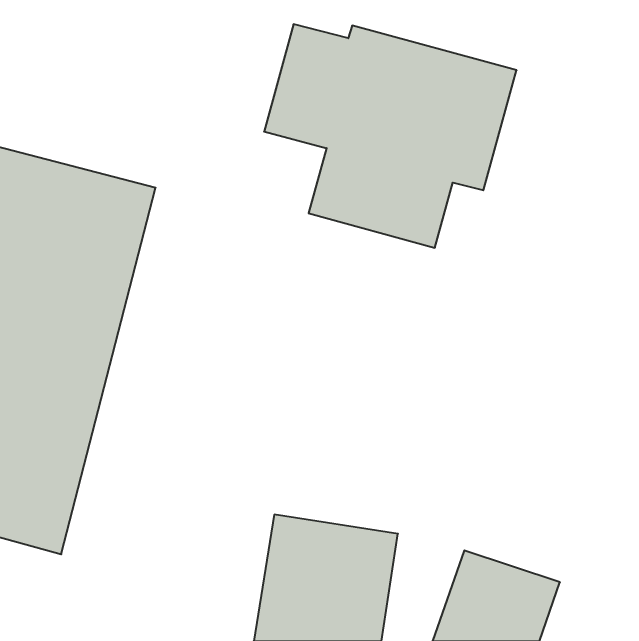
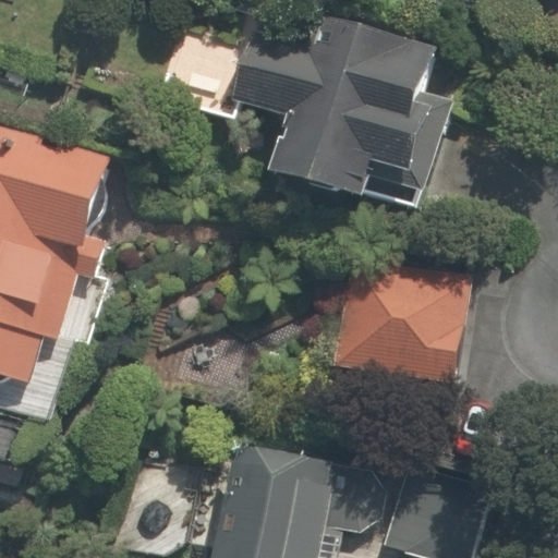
building: none -> [325,262,468,411]

